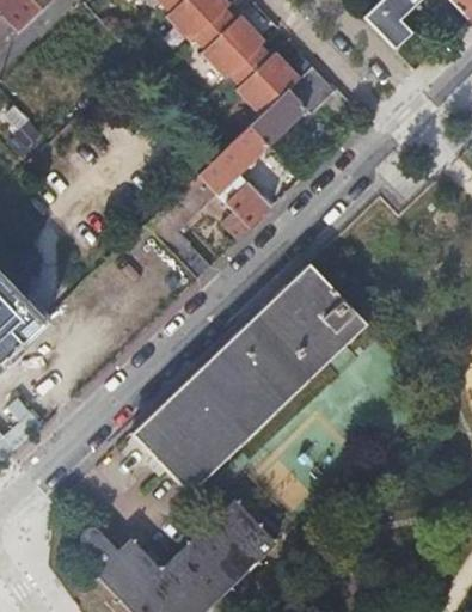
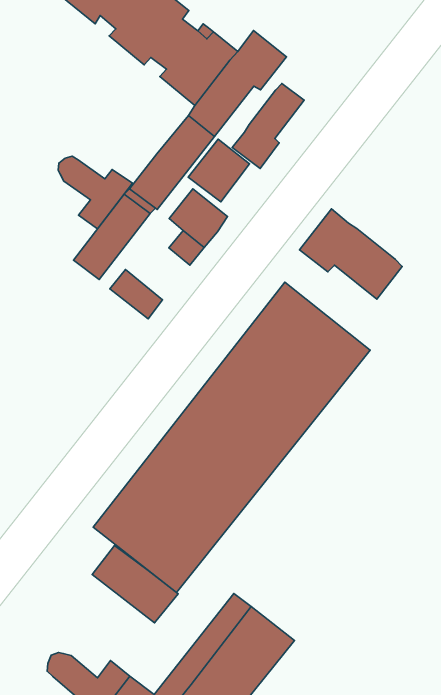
building: none -> [232,84,304,168]
building: none -> [58,156,133,229]
building: none -> [300,209,402,299]
building: none -> [92,546,178,623]

